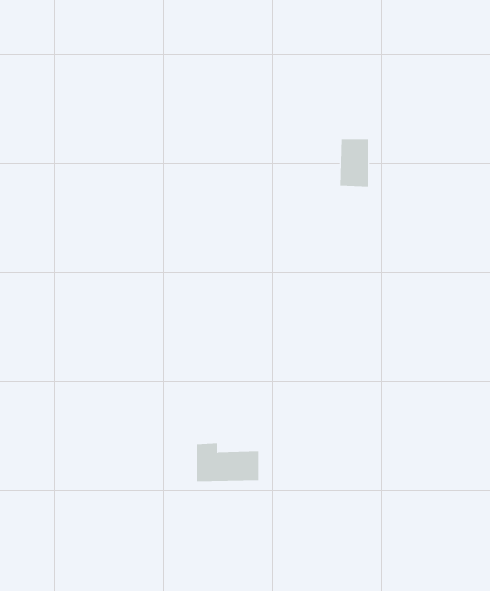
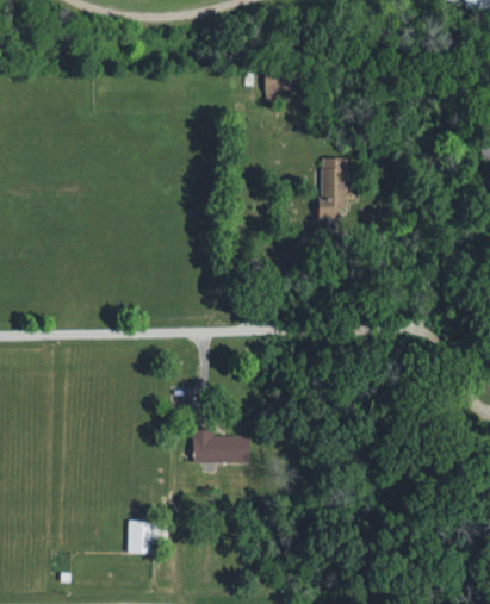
building: none -> [265,71,291,93]
building: none -> [128,521,167,554]

